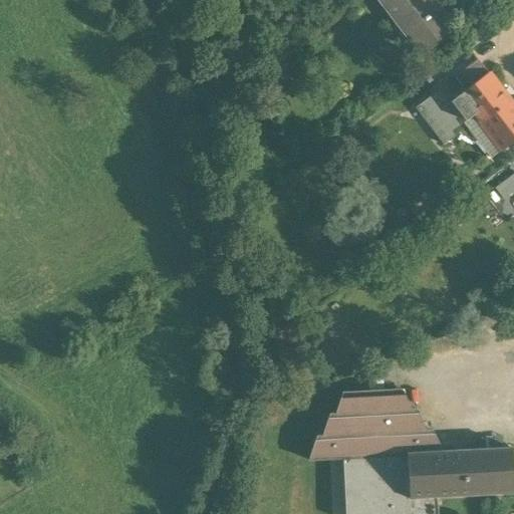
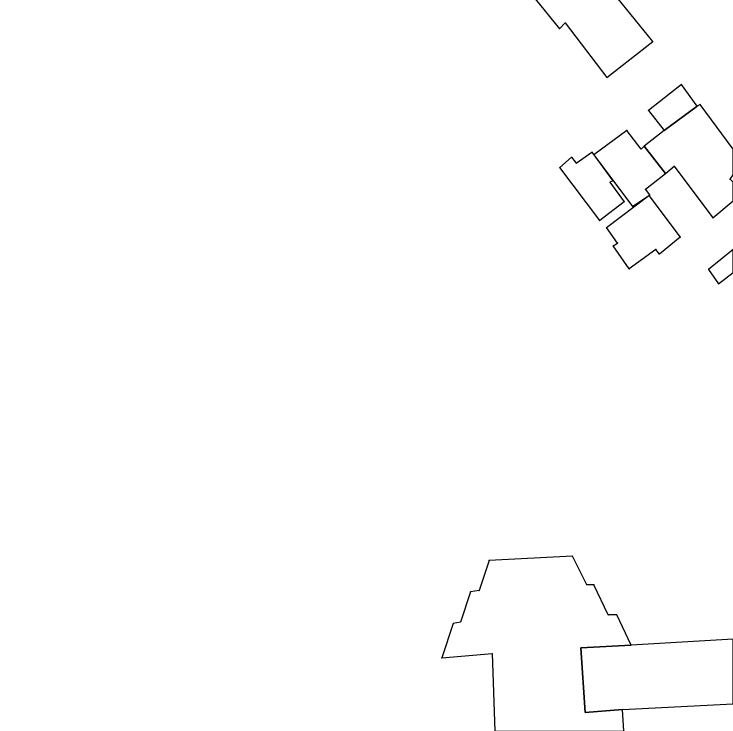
building: none -> [560,152,624,221]
building: none -> [607,196,680,269]

